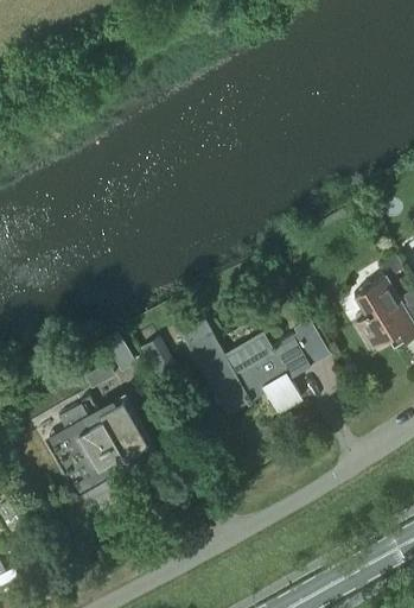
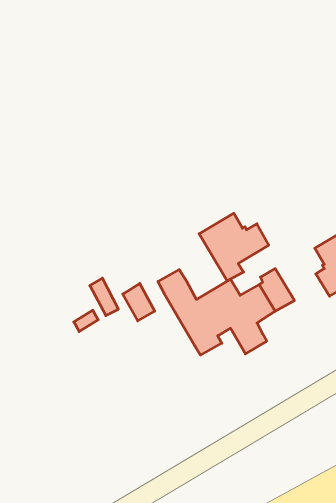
building: none -> [199,213,269,281]
building: [51,398,149,488] -> none

